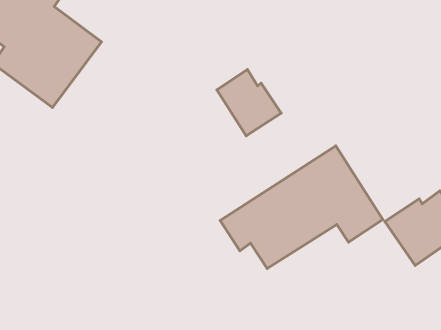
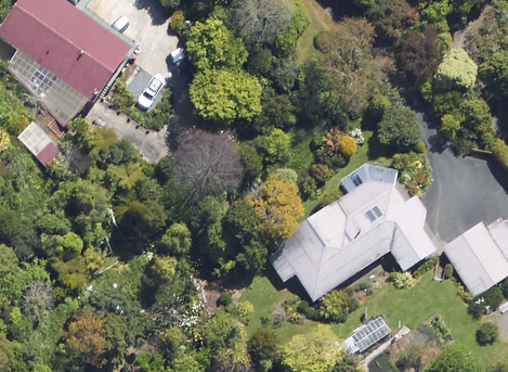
building: [217,70,281,136] -> none

